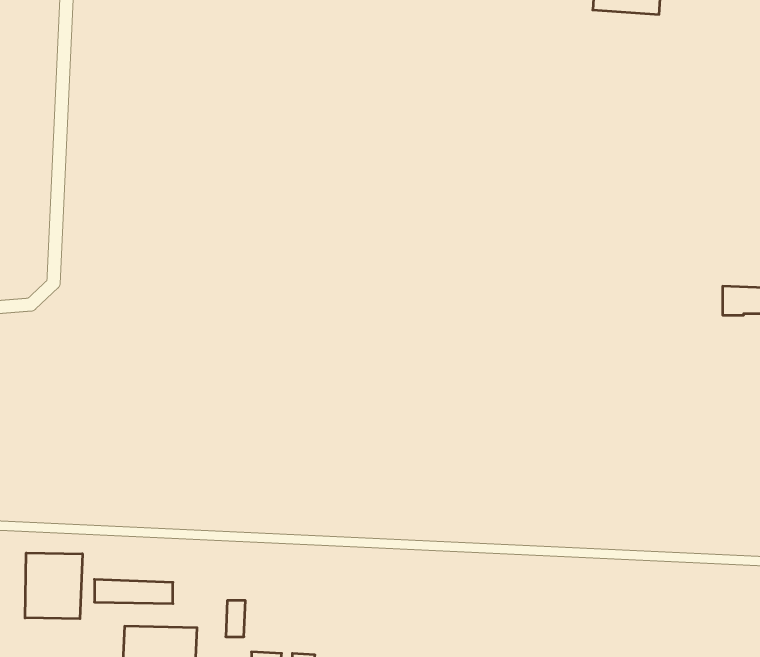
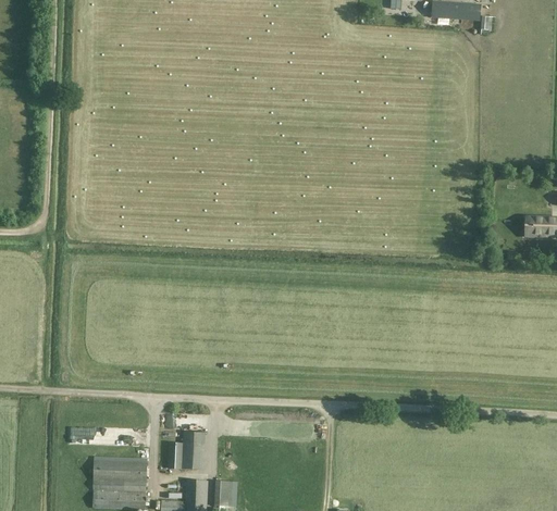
building: [25,553,82,619] -> none
building: none -> [182,431,205,469]

